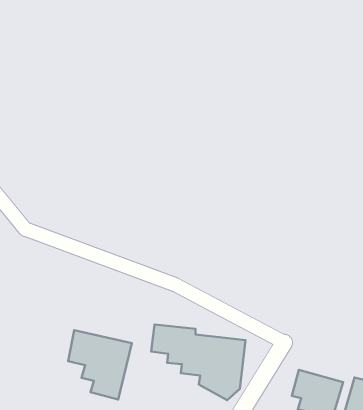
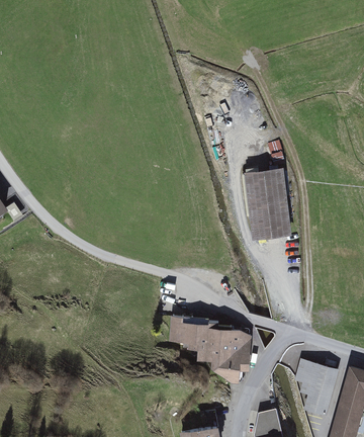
building: none -> [245,167,291,239]
building: [68,330,132,400] -> none

